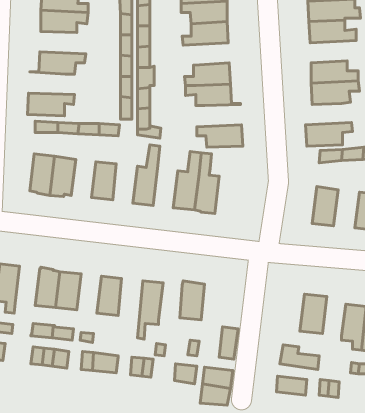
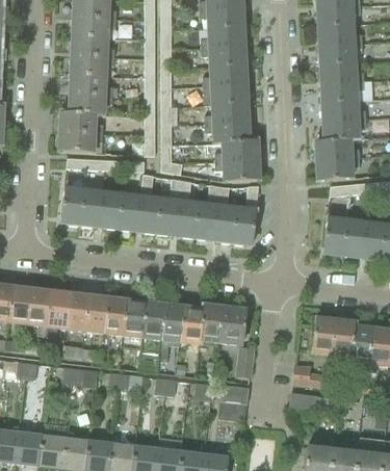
building: none -> [71,74,113,95]
building: none -> [321,82,365,103]
building: none -> [204,84,246,105]
building: none -> [60,111,103,132]
building: none -> [316,140,360,160]
building: none -> [216,141,258,162]
building: none -> [138,174,161,233]
building: none -> [176,180,199,237]
building: none -> [233,185,260,244]
building: none -> [100,192,123,228]
building: none -> [343,220,367,256]
building: none -> [47,291,71,338]
building: none -> [105,298,128,335]
building: none -> [141,303,166,358]
building: none -> [181,307,203,343]
building: none -> [220,308,246,343]
building: none -> [332,319,356,366]

